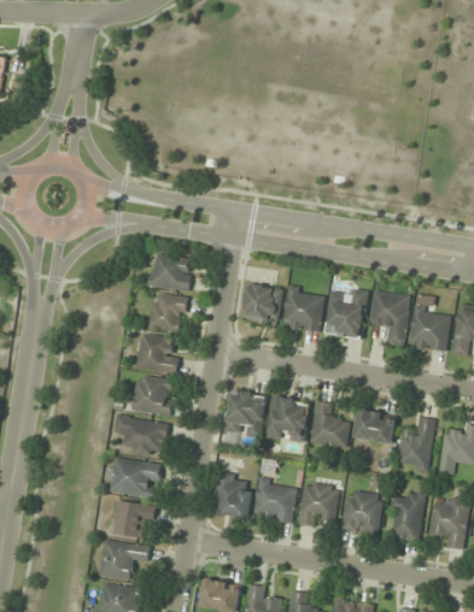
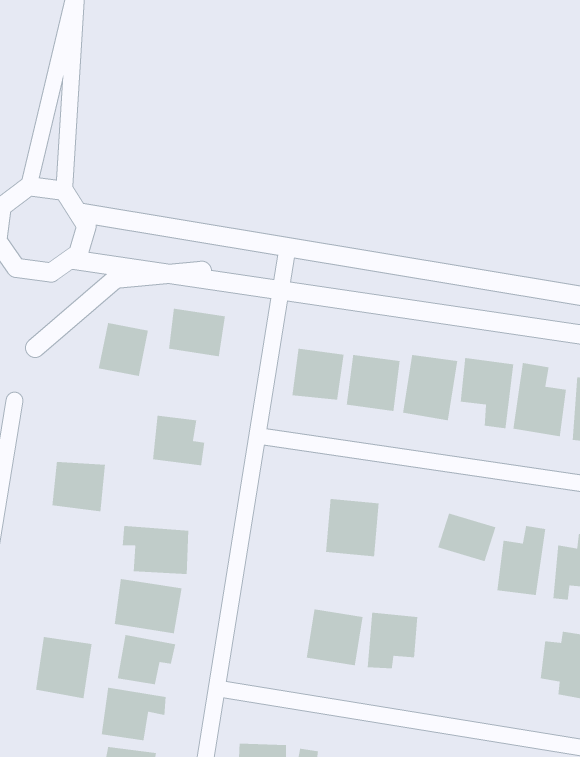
building: [148,292,187,333] -> [98,322,149,377]
building: [131,376,172,414] -> [51,461,106,512]
building: [223,389,267,443] -> none
building: [310,401,349,449] -> none
building: [211,472,252,519] -> none
building: [340,489,382,535] -> none
building: [390,490,426,541] -> none
building: none -> [35,636,93,699]

